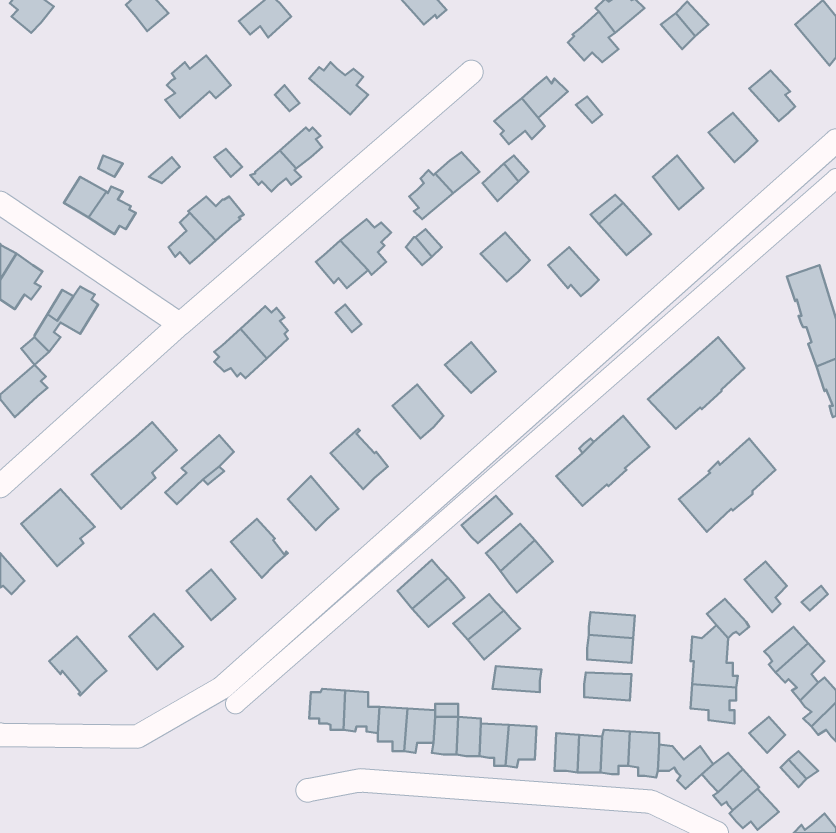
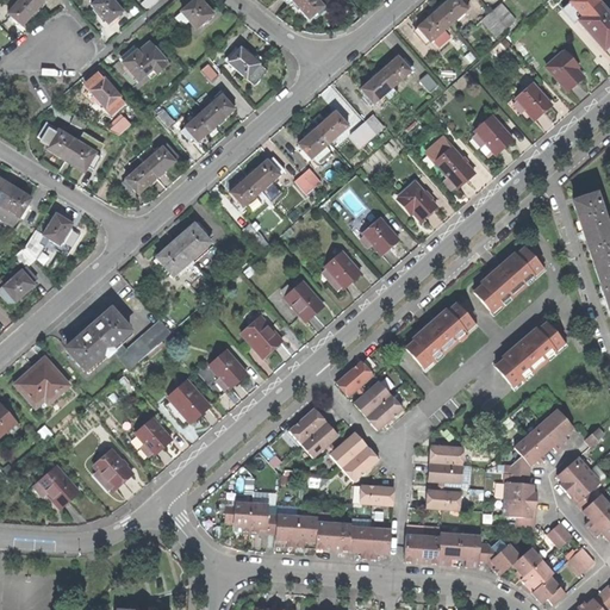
building: none -> [89,75,120,108]
building: [481,232,530,282] -> [362,217,398,253]
building: none -> [528,422,562,453]

